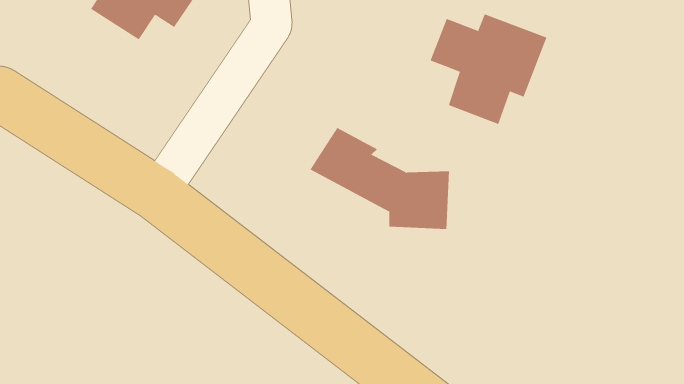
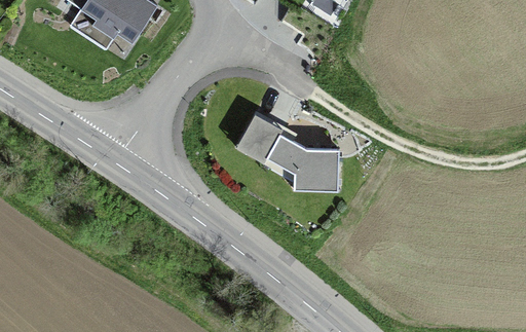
building: [430,14,547,125] -> none

